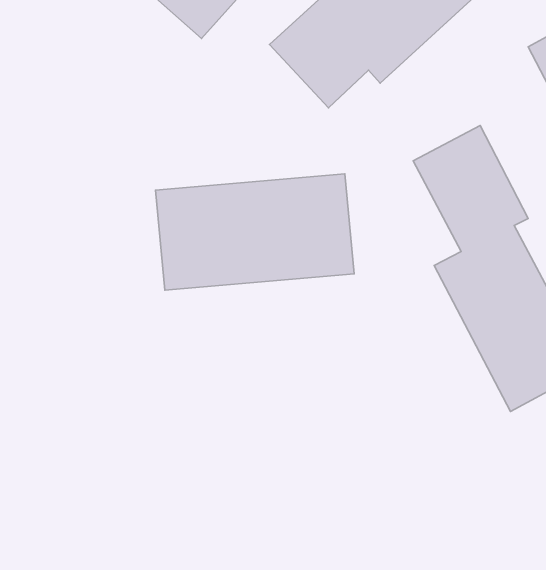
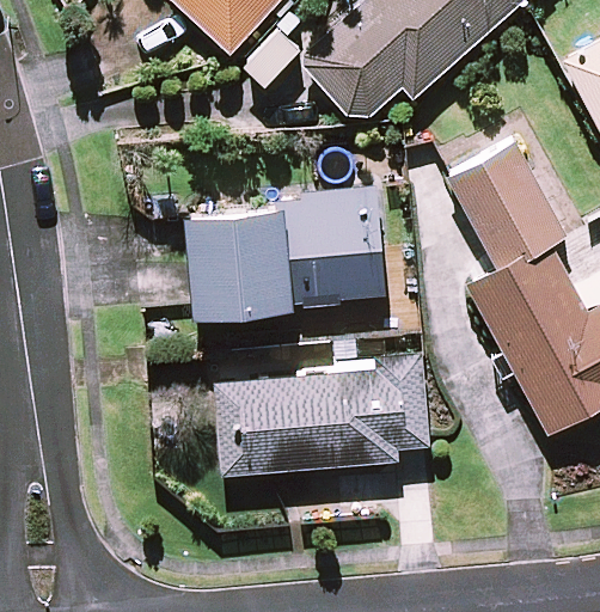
building: none -> [215,362,430,477]

